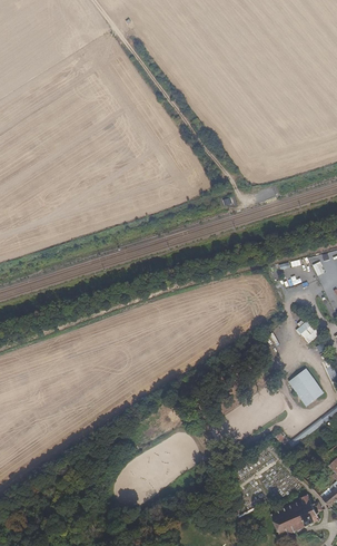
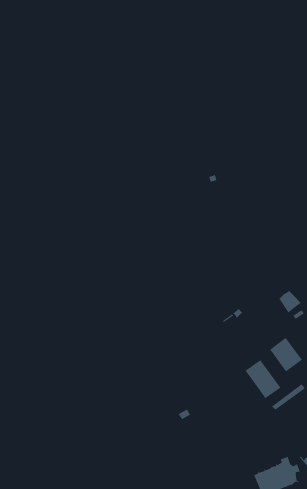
building: none -> [244,359,281,399]

